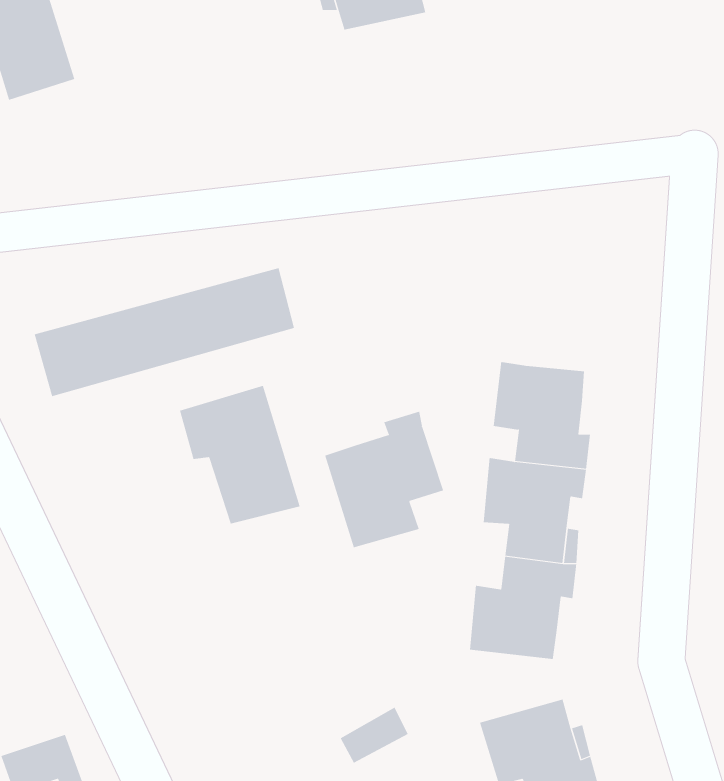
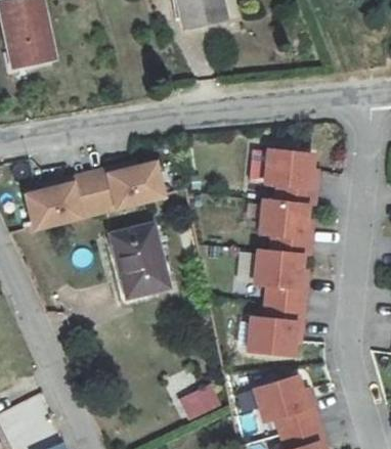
building: none -> [269,154,319,210]
building: [325,411,444,548] -> none

